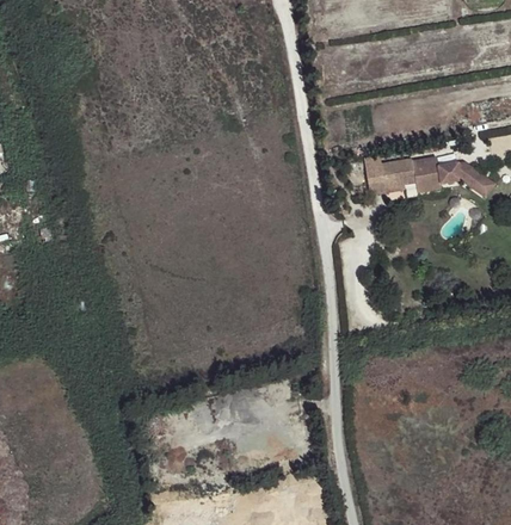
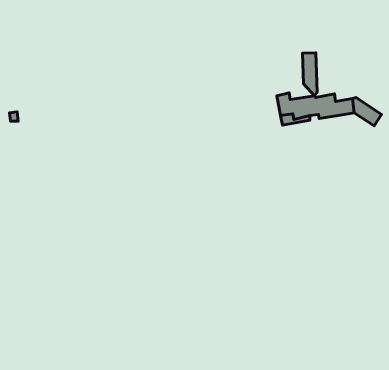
building: none -> [302,53,317,96]

